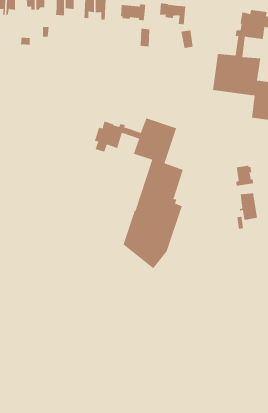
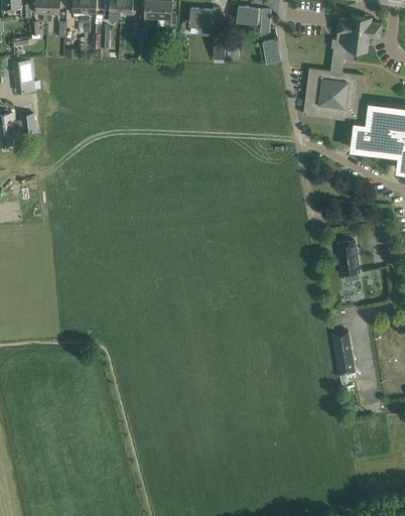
building: [94,117,183,269] -> none
building: [236,165,254,186] -> none
building: none -> [332,332,354,376]

